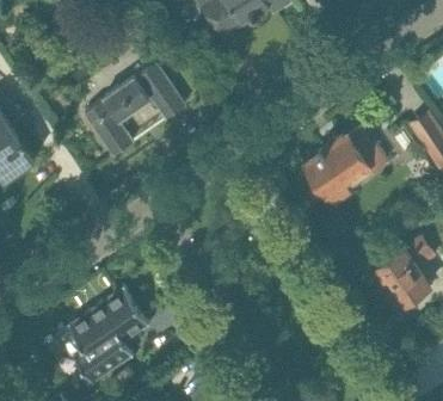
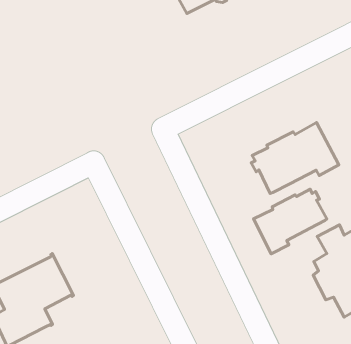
building: [82,67,183,158] -> none
building: none -> [254,189,327,254]

